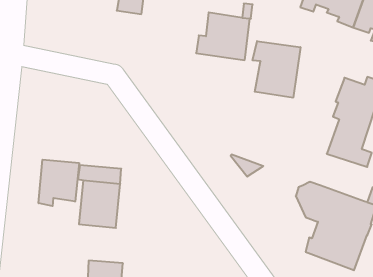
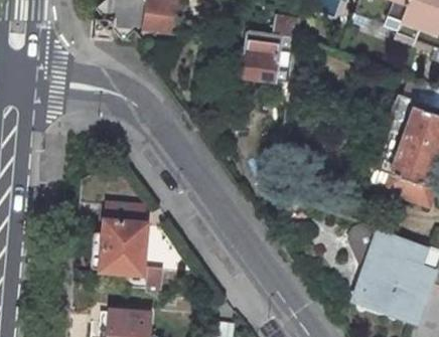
building: [253,41,300,98] -> none
building: [39,160,79,206] -> none

